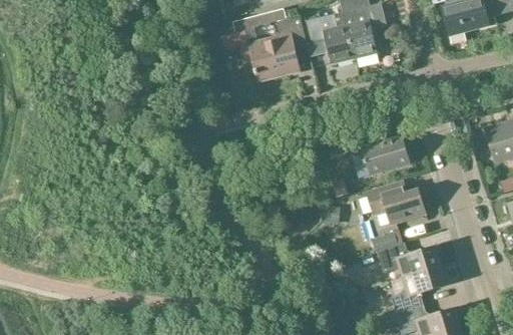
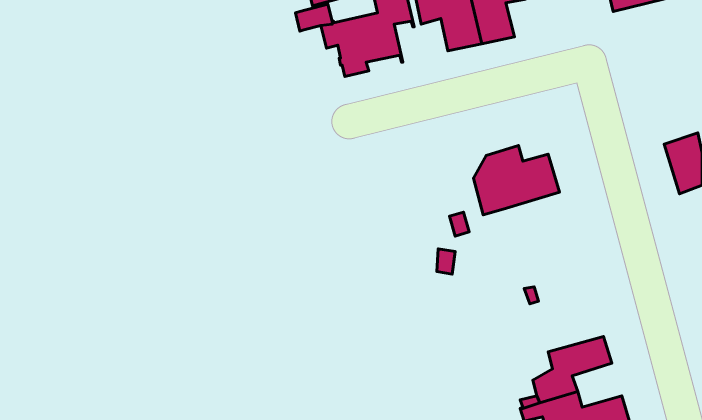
building: [367,182,429,225] -> none
building: [377,243,441,277] -> none

